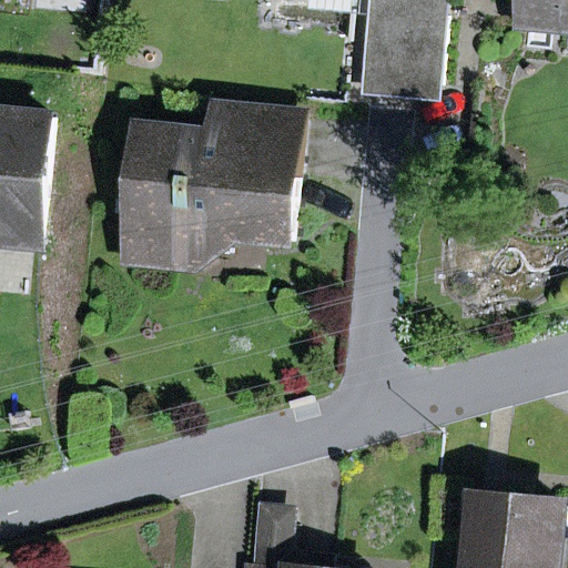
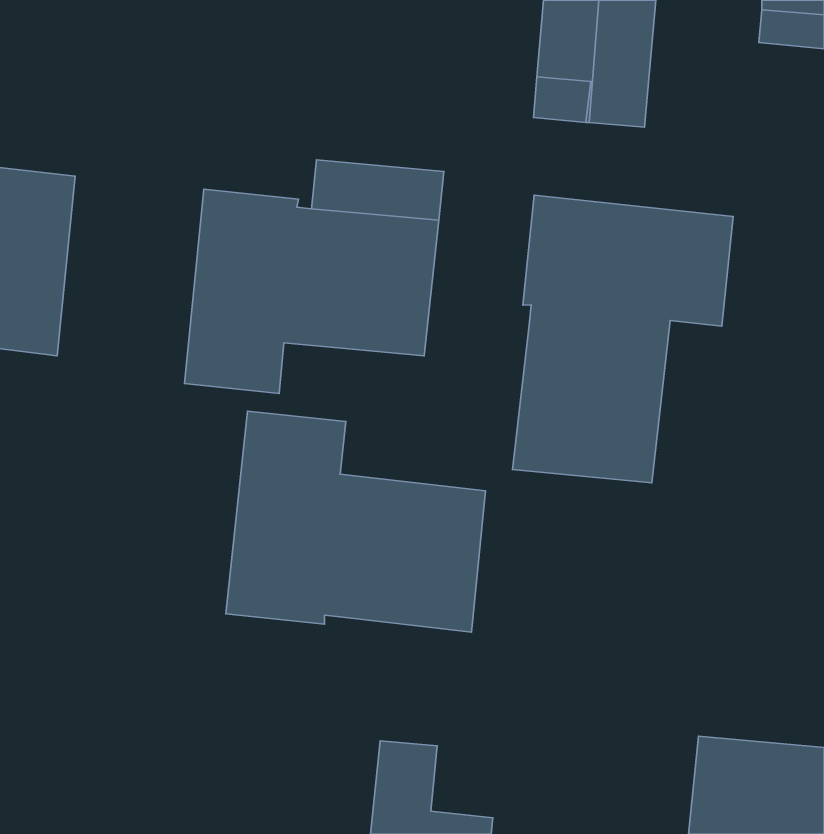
building: none -> [513,195,733,483]
building: none -> [226,411,486,632]

